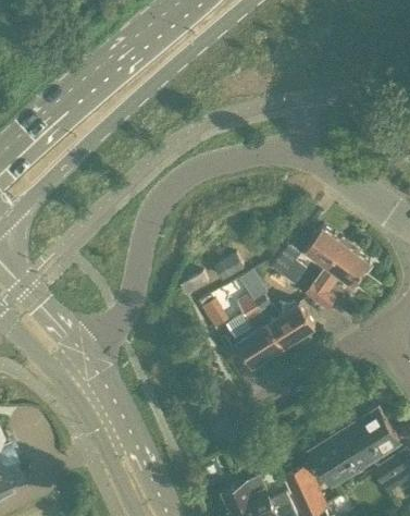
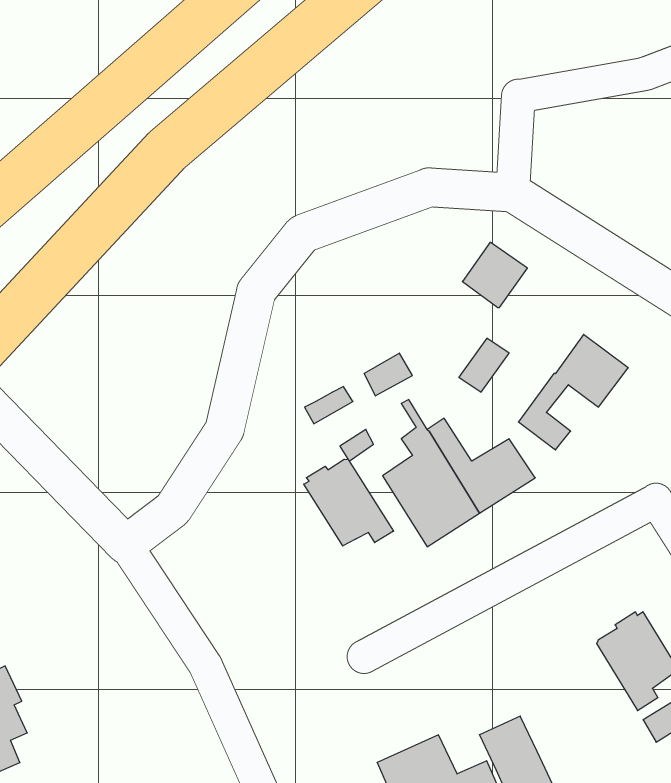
building: [306,230,344,268] -> [462,242,527,307]
building: none -> [304,459,394,546]
building: [311,423,372,483] -> none

